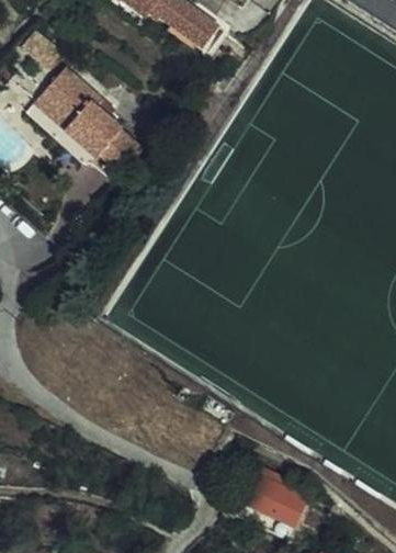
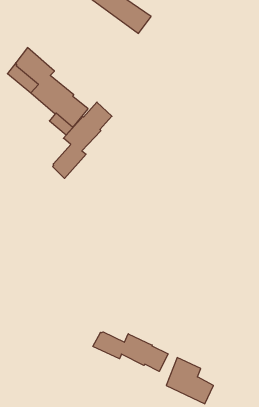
building: none -> [53,102,112,178]
building: none -> [93,332,168,371]

